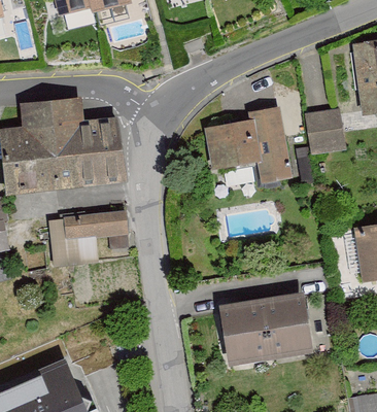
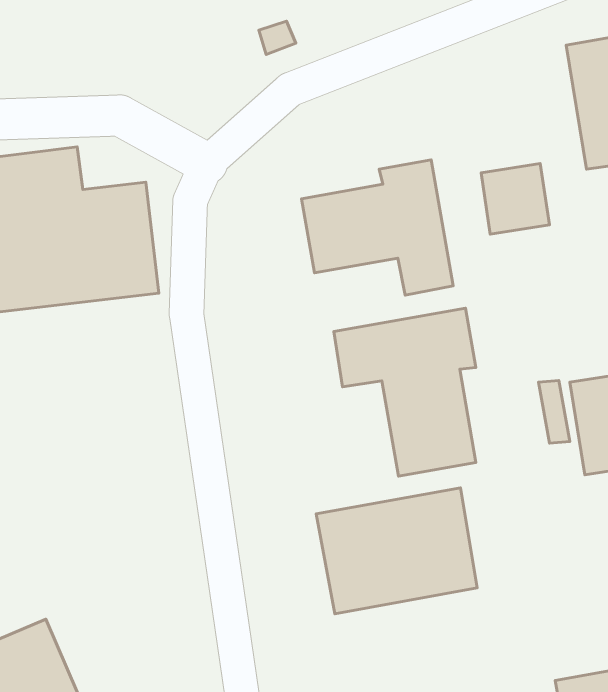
building: none -> [334,308,476,476]
building: [43,207,123,260] -> none

